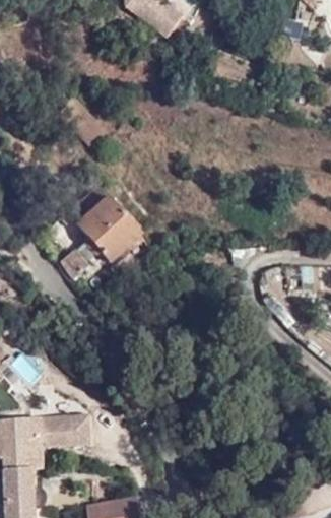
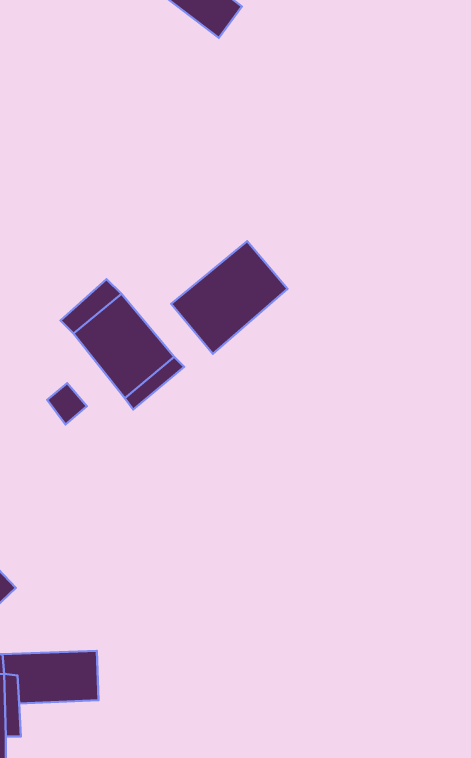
building: none -> [171,241,287,354]

